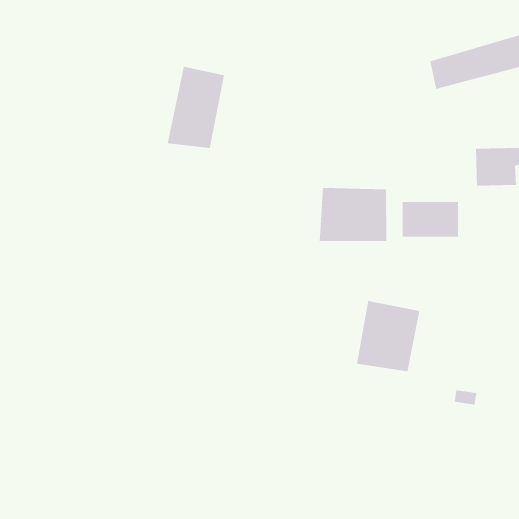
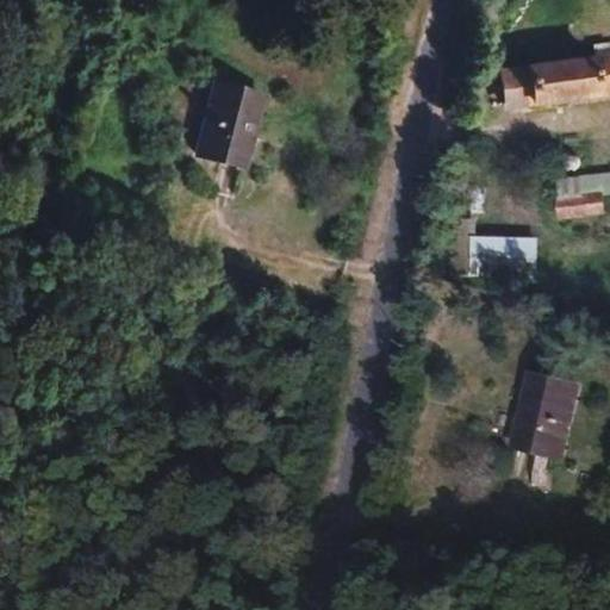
building: [319,187,387,242] -> none
building: [356,301,420,372] -> [508,374,583,458]

